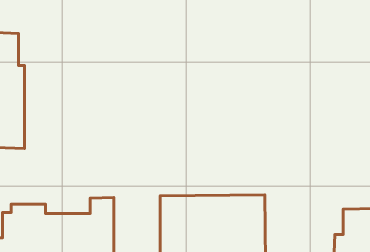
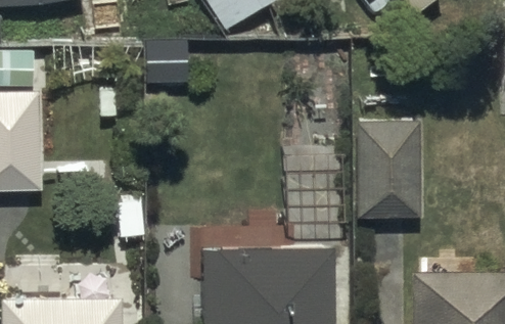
building: none -> [357,122,425,223]

